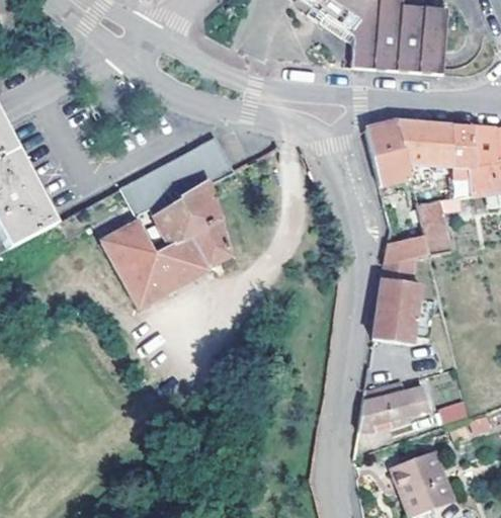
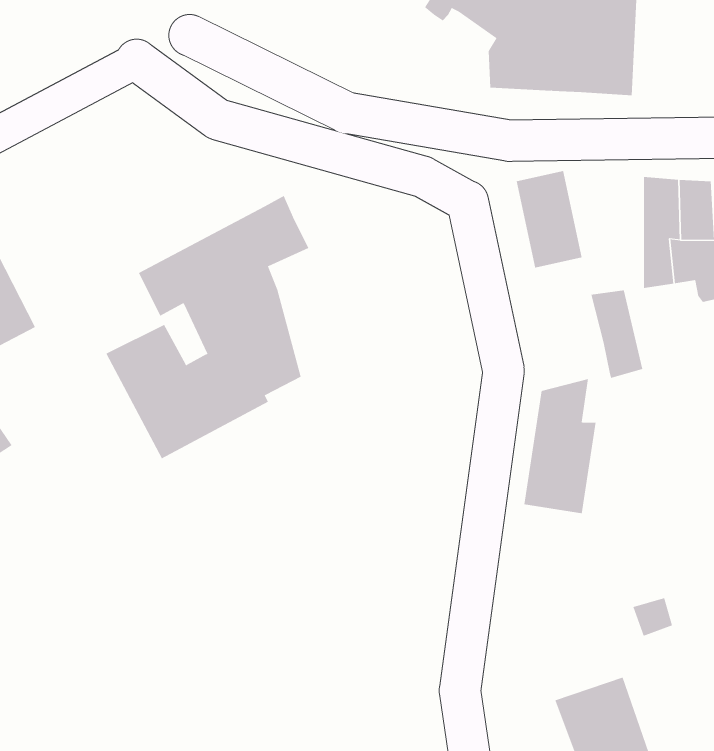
building: [399,120,450,185] -> none
building: [384,233,428,264] -> none
building: [358,379,429,430] -> none

